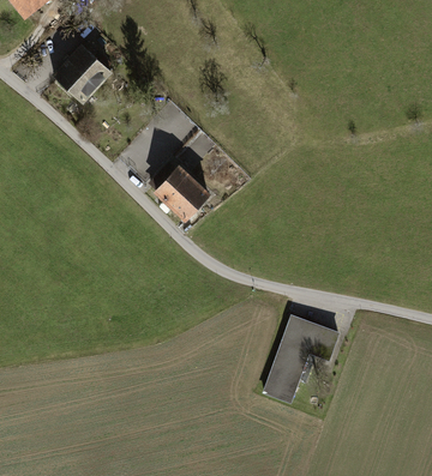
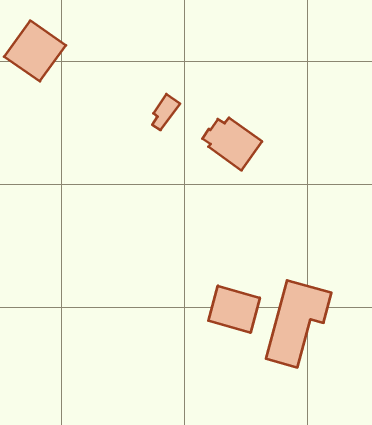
building: [150,164,206,216] -> [202,118,262,170]
building: none -> [208,286,260,333]

